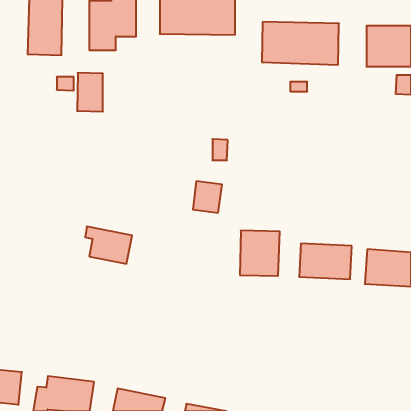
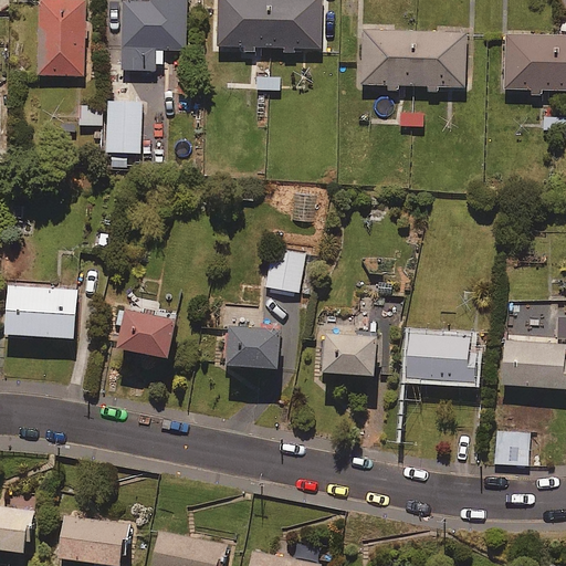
building: none -> [4,285,77,338]
building: none -> [232,329,284,371]
building: none -> [502,430,530,468]

